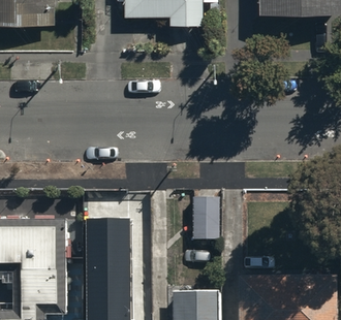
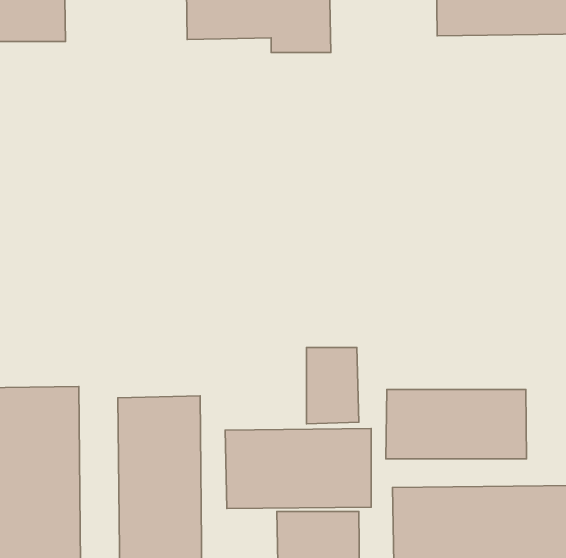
building: none -> [386,390,527,459]
building: none -> [225,429,371,509]

